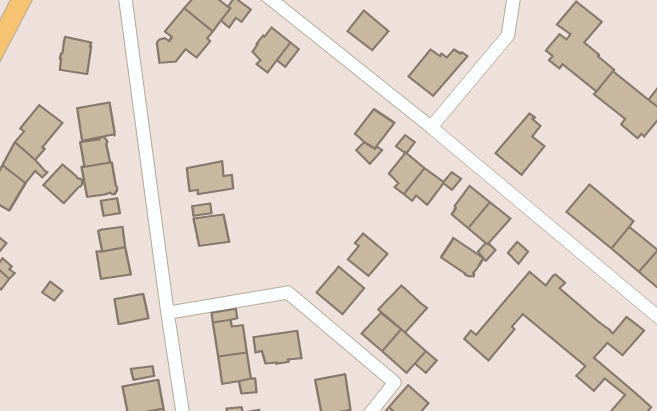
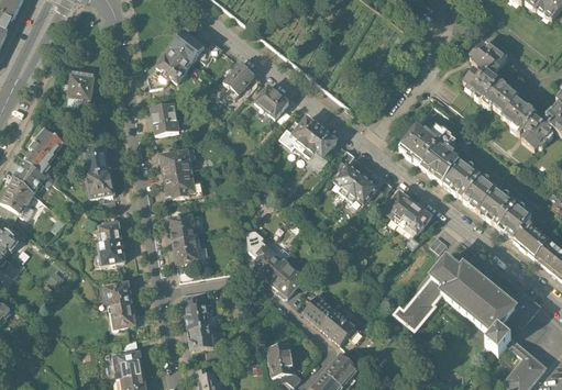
building: [348,11,389,50] -> [252,86,285,118]
building: [409,49,467,96] -> [396,126,443,164]
building: none -> [155,102,183,133]
building: none -> [289,116,318,148]
building: [77,103,114,141] -> none
building: none -> [163,147,196,176]
building: none -> [437,158,492,211]
building: [43,164,82,203] -> none
building: [348,233,388,276] -> [255,242,287,276]
building: [441,238,483,276] -> none
building: none -> [177,235,205,261]
building: [378,285,427,333] -> none
building: none -> [114,297,140,324]
building: [253,331,301,364] -> none

